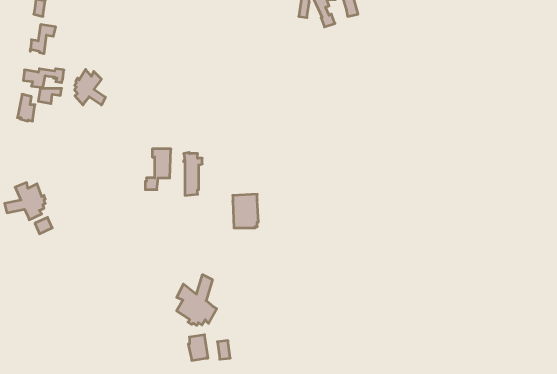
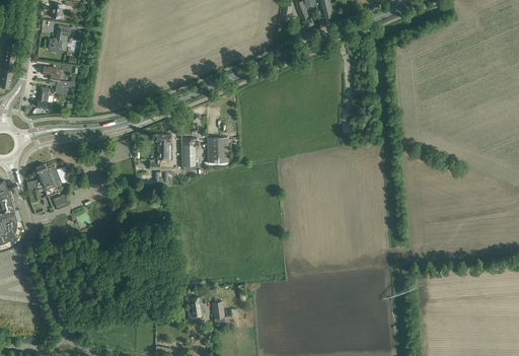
building: [75,69,105,105] -> none
building: [233,194,258,228] -> [207,137,229,166]
building: [177,275,217,325] -> none

